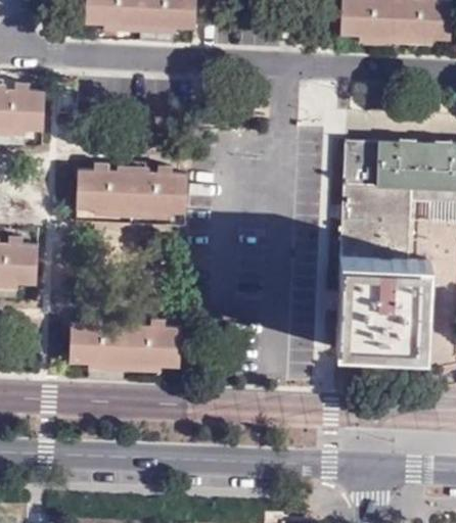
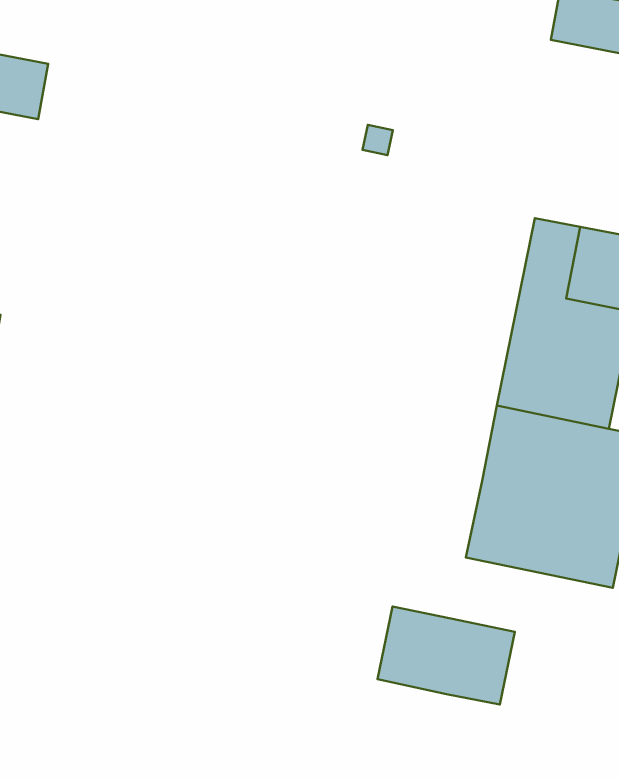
building: [76,172,188,213] -> none
building: [70,324,181,367] -> none
building: none -> [378,607,515,705]

